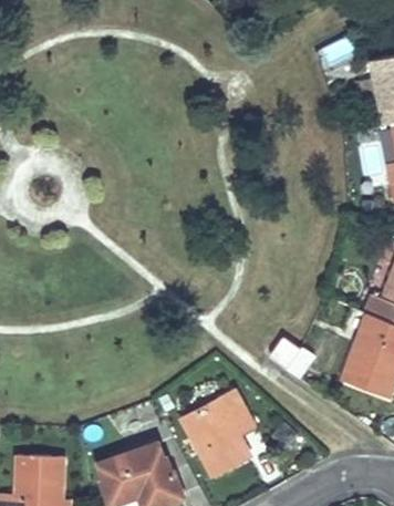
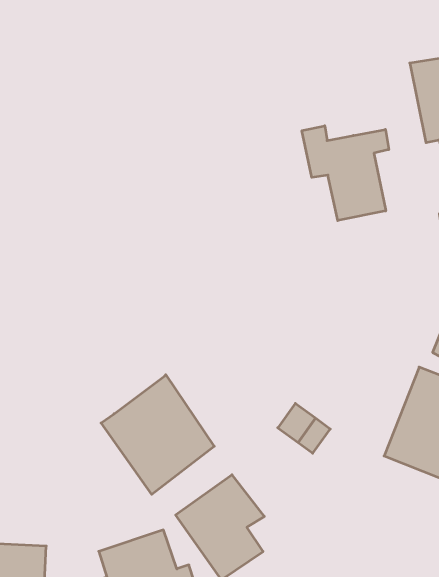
building: none -> [302,126,389,221]
building: none -> [101,375,214,494]

